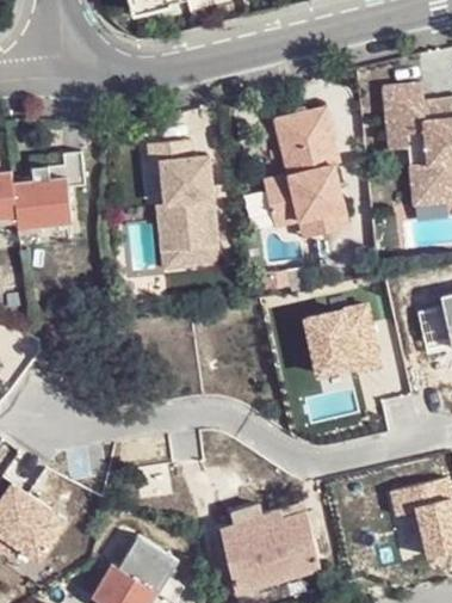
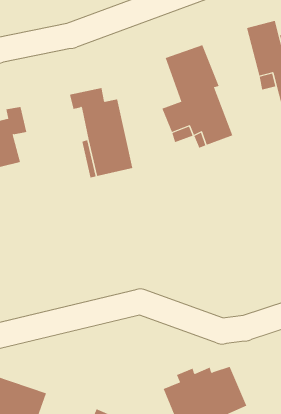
building: [316,316,376,380] -> none

